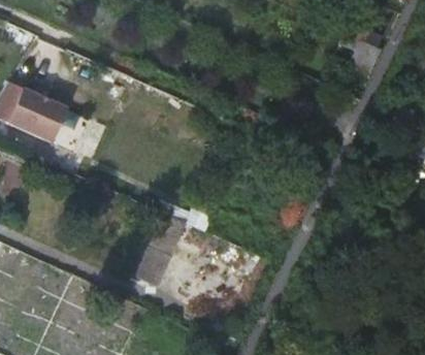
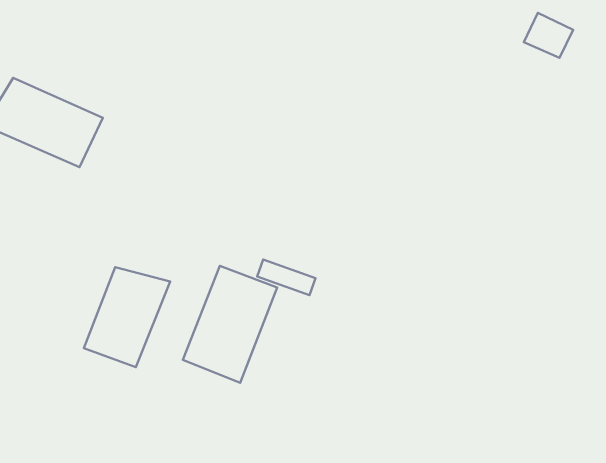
building: none -> [84,267,170,367]

